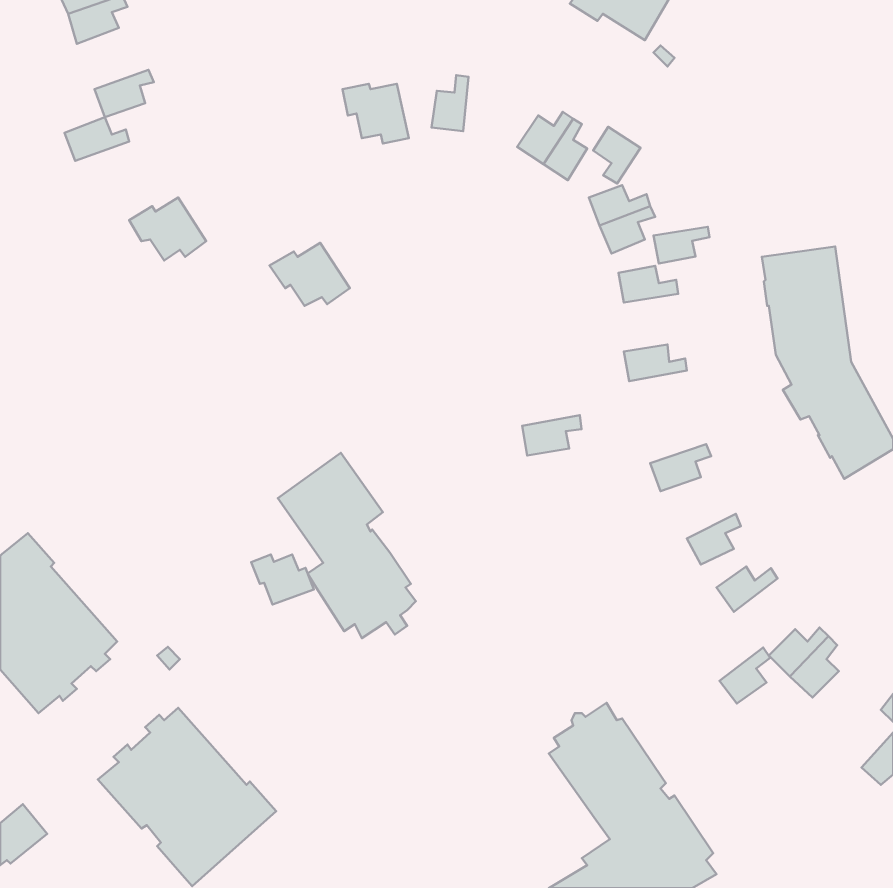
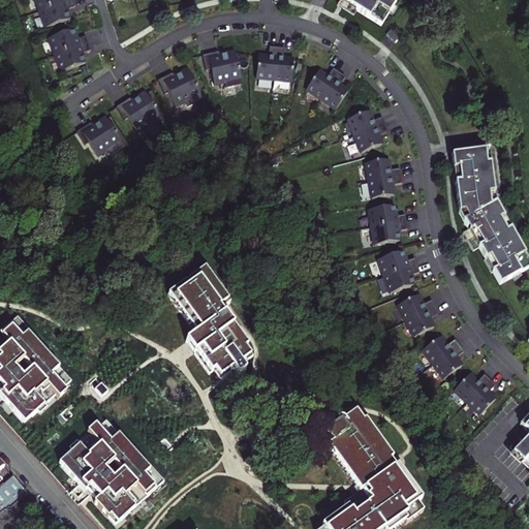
building: none -> [274,45,292,79]
building: none -> [158,67,203,104]
building: [65,117,129,161] -> [50,27,88,53]
building: [593,127,641,183] -> none
building: [654,227,710,264] -> [369,174,402,195]
building: [269,243,350,306] -> [115,91,162,128]
building: [522,415,581,455] -> [372,219,407,243]
building: none -> [379,249,417,274]
building: none -> [398,292,435,318]
building: [251,554,314,604] -> none
building: [719,647,770,703] -> [434,342,464,375]

